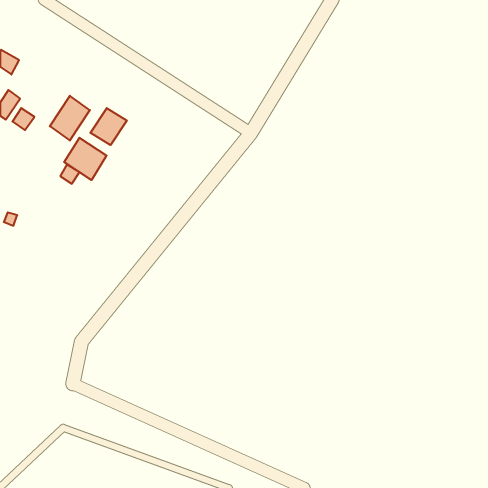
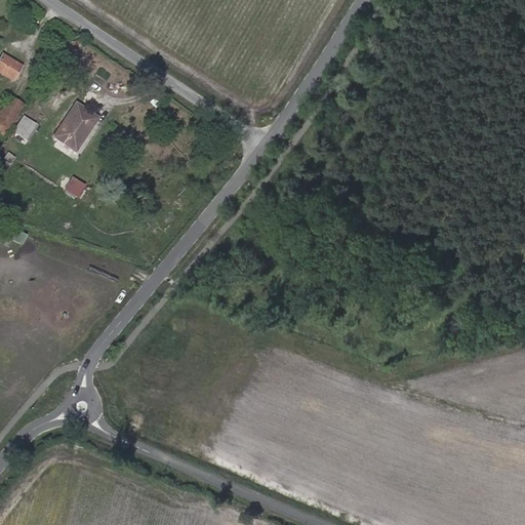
building: [90,108,127,145] -> none
building: [64,138,107,180] -> none

